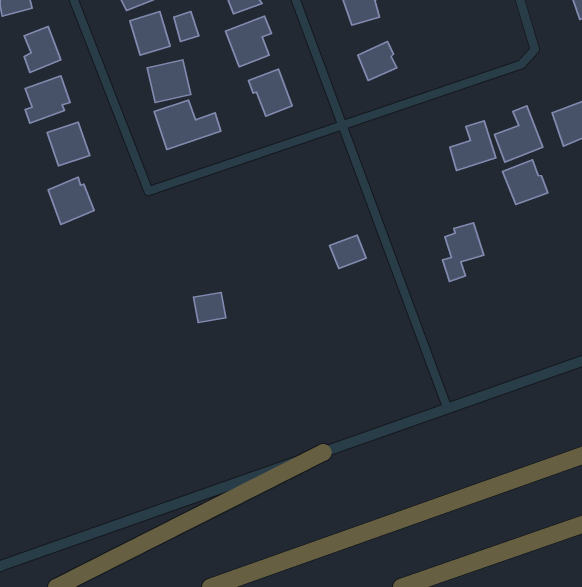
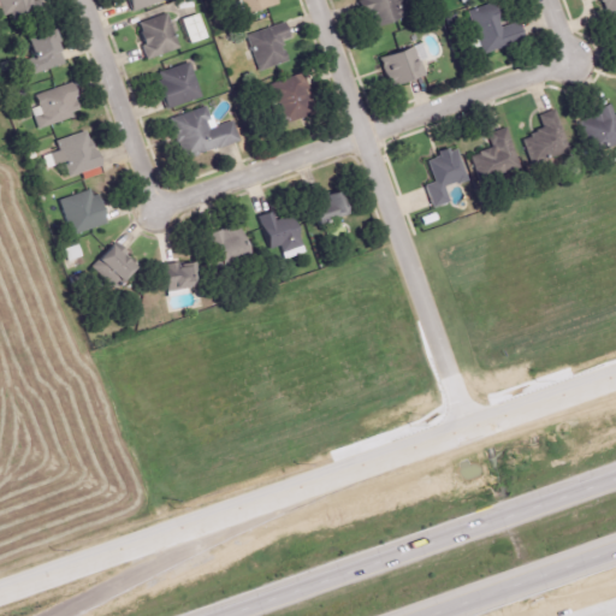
building: none -> [475,5,527,52]
building: [502,160,548,204] -> none
building: none -> [260,213,306,256]
building: none -> [213,224,253,262]
building: [442,223,484,282] -> [430,146,473,207]
building: none -> [89,239,130,284]
building: [329,235,366,268] -> [310,189,349,224]
building: [193,293,226,322] -> [160,259,194,290]

